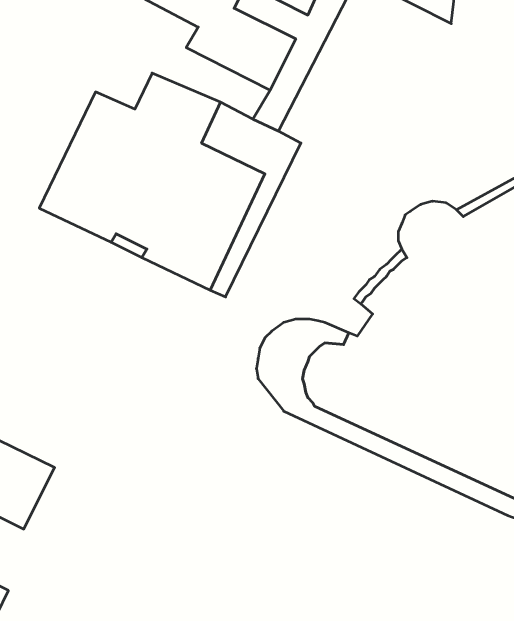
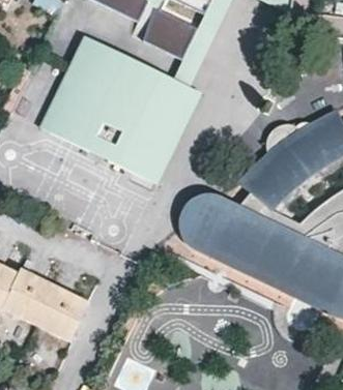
building: none -> [36,30,113,128]
building: none -> [35,286,87,338]

